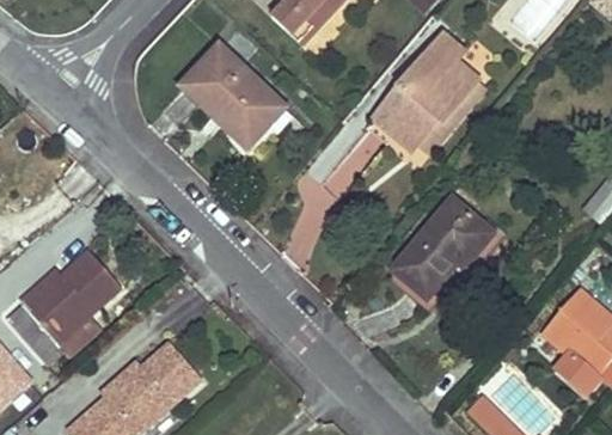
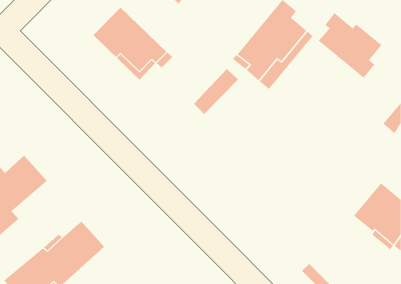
building: none -> [318,12,382,79]
building: [394,198,495,299] -> none

